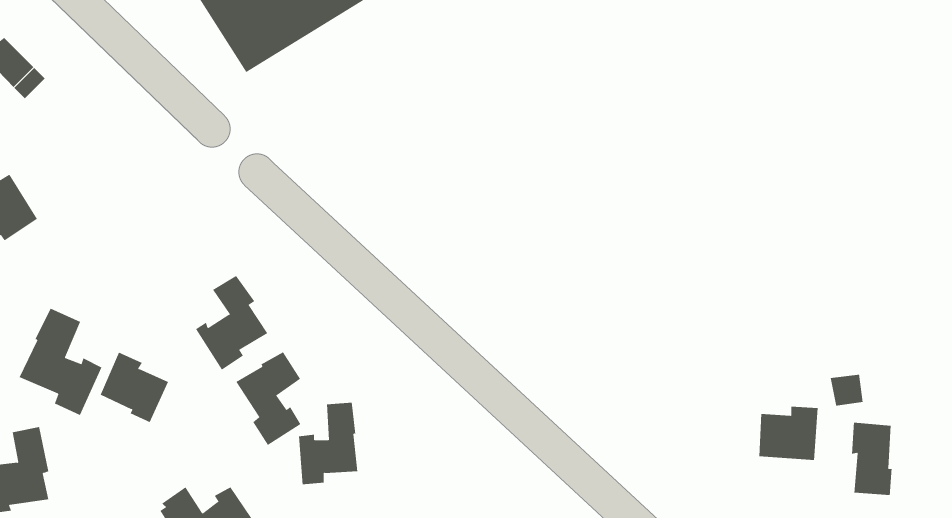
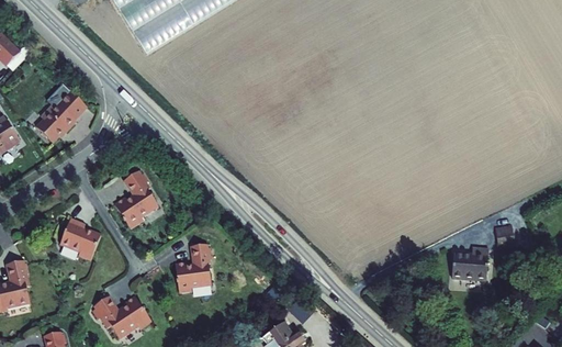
building: none -> [40,79,91,137]
building: [19,308,102,416] -> none
building: [235,352,301,446] -> none
building: [852,422,892,496] -> none

